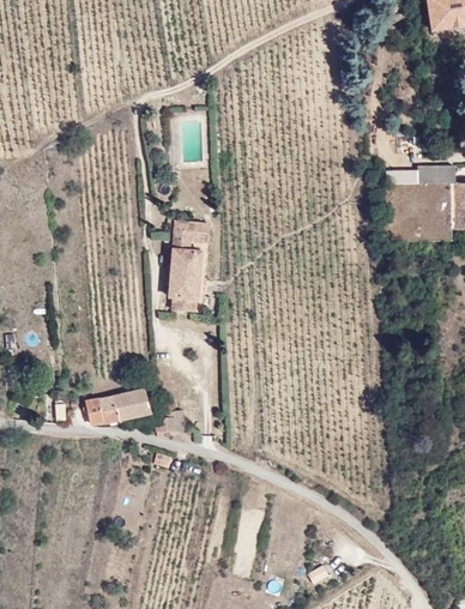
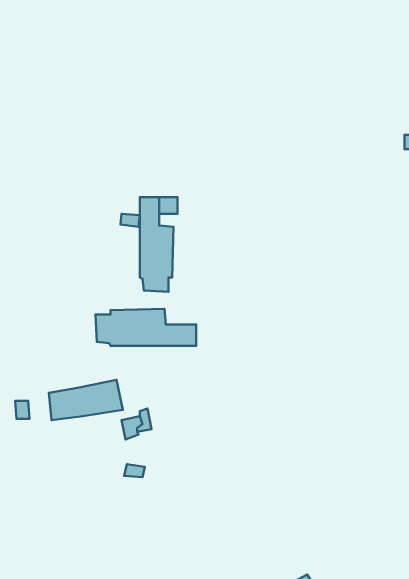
building: none -> [95,309,196,346]

